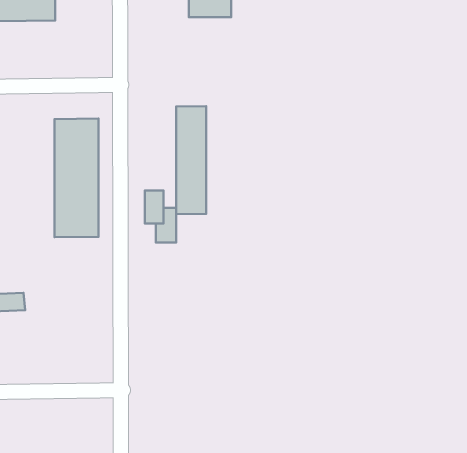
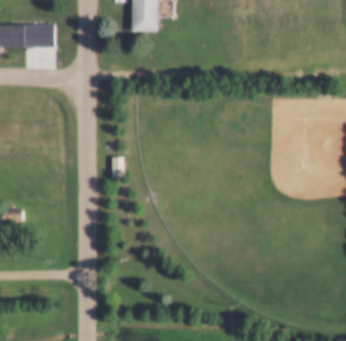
building: [176,106,206,214] -> none
building: [55,119,98,237] -> none

